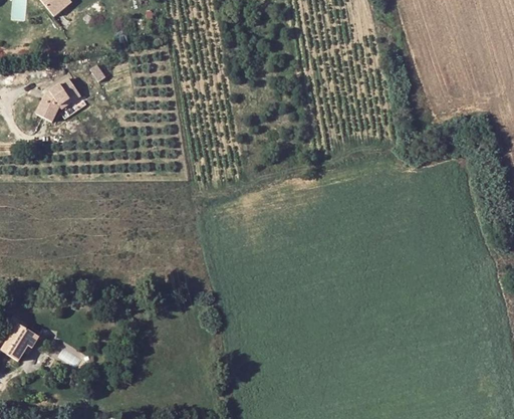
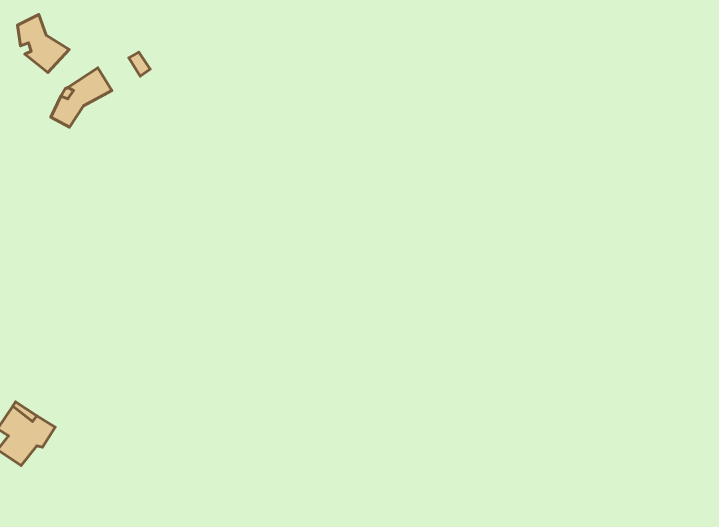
building: none -> [17,15,69,73]

